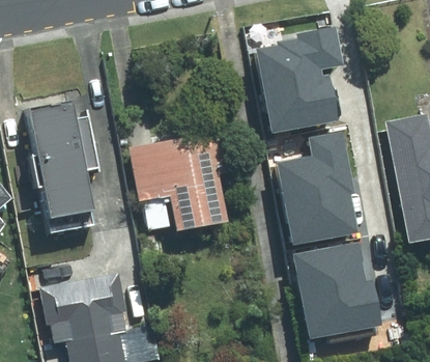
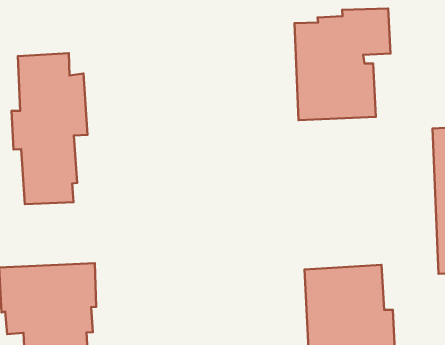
building: [127,130,233,229] -> none
building: [277,131,356,244] -> none

